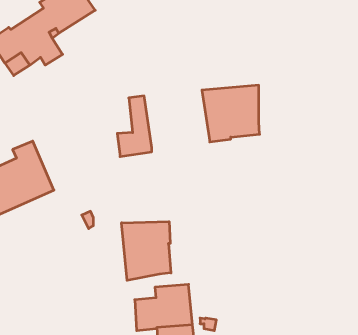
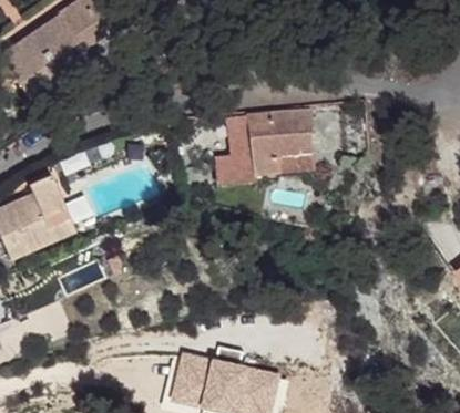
building: [117,96,152,157] -> [214,115,254,185]
building: [122,222,171,280] -> none

